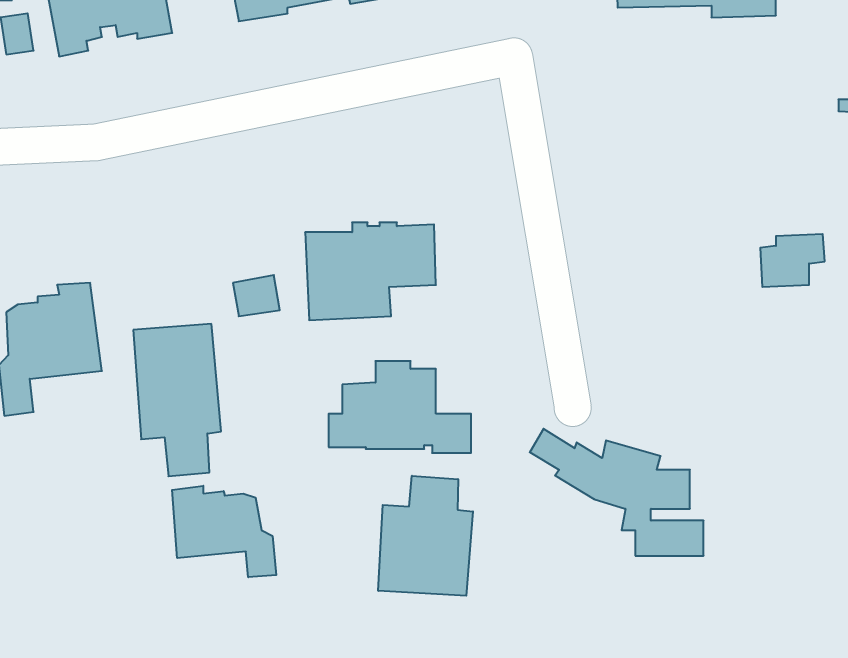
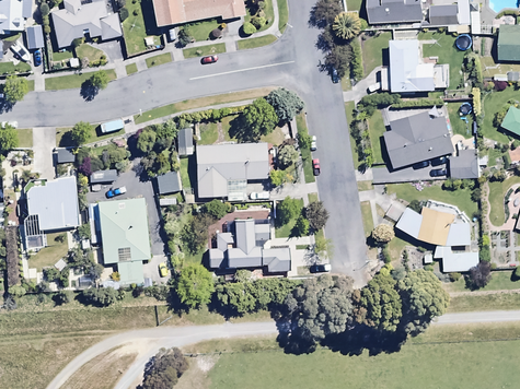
building: none -> [383,39,448,92]
building: none -> [384,110,455,166]
building: [530,429,704,556] -> [384,200,482,271]
building: [378,476,473,596] -> none
building: [172,486,276,577] -> none

